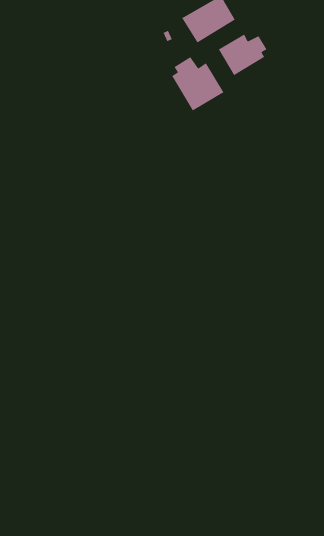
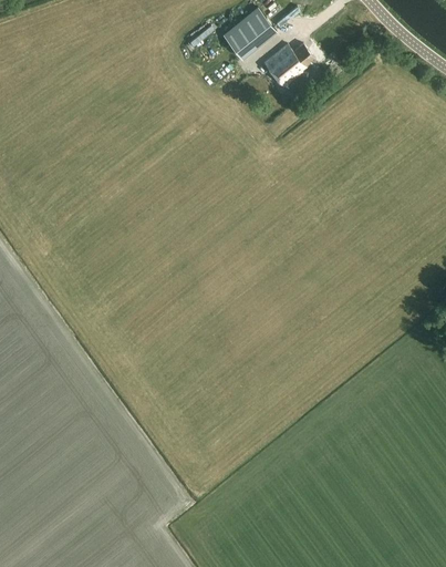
building: [171,56,224,112] -> none

